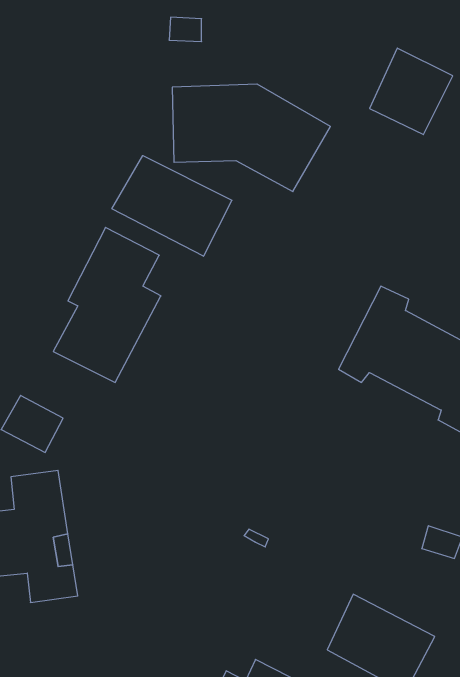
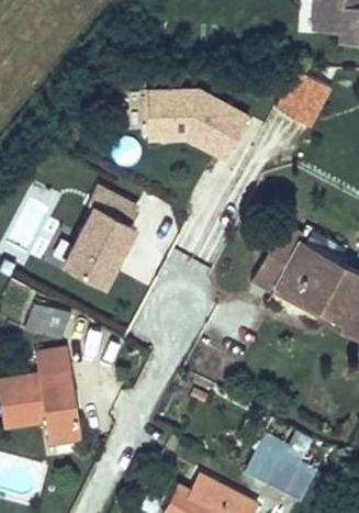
building: [112,156,232,256] -> none

